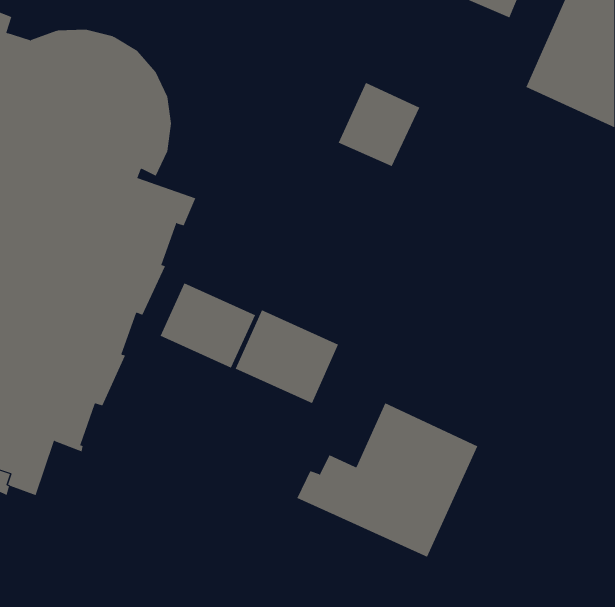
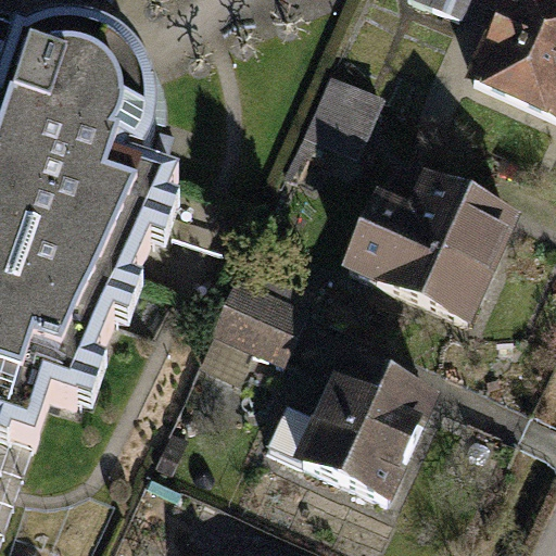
building: none -> [346,181,510,323]
building: [160,282,256,369] -> none

